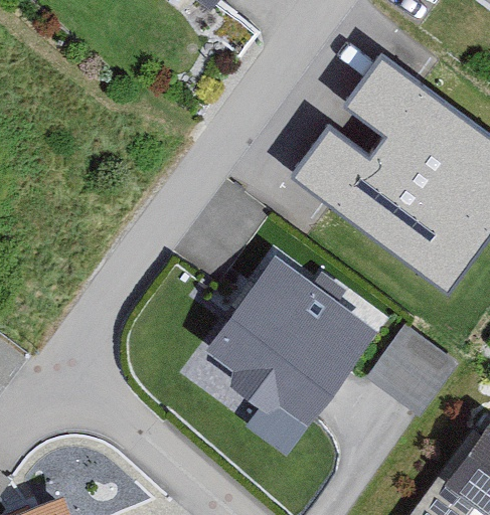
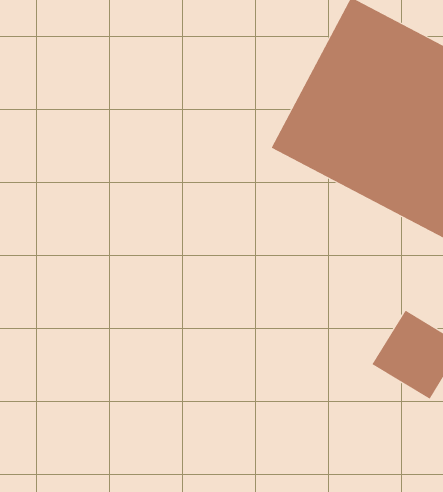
building: [200,271,370,435] -> none

